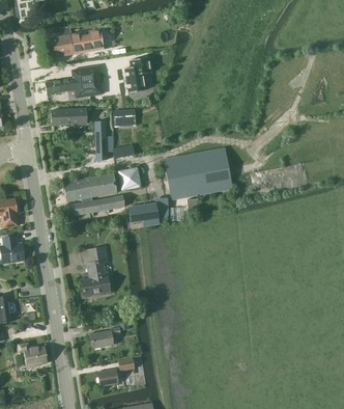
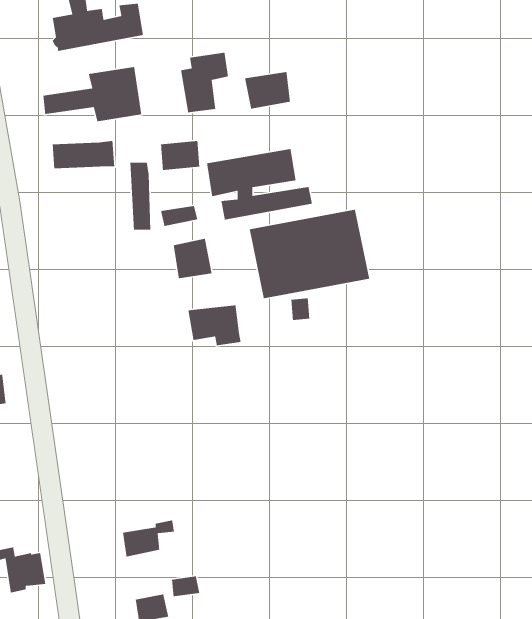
building: none -> [244,71,291,109]
building: [63,173,124,215] -> [206,148,313,220]
building: [82,247,108,294] -> none

